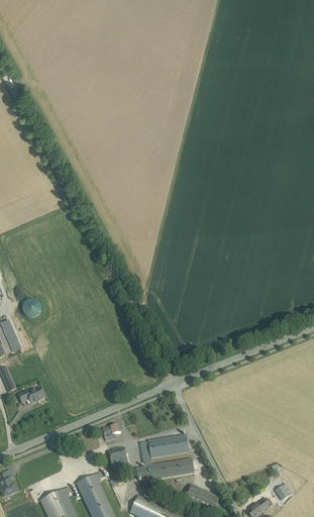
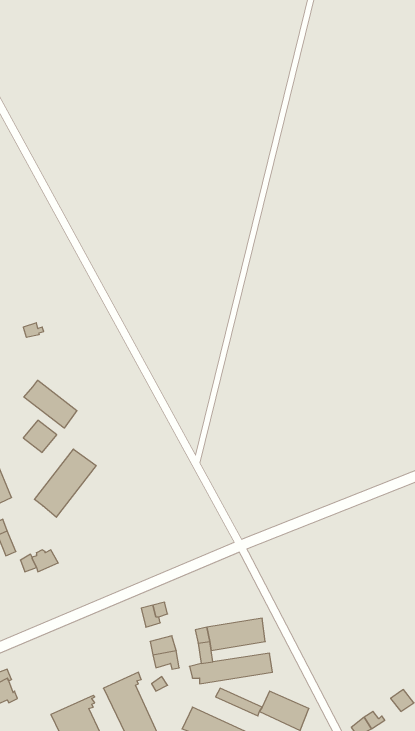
building: none -> [24,380,77,428]
building: none -> [34,449,96,517]

